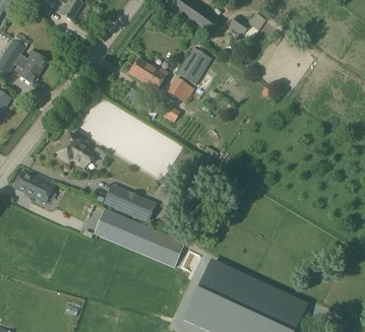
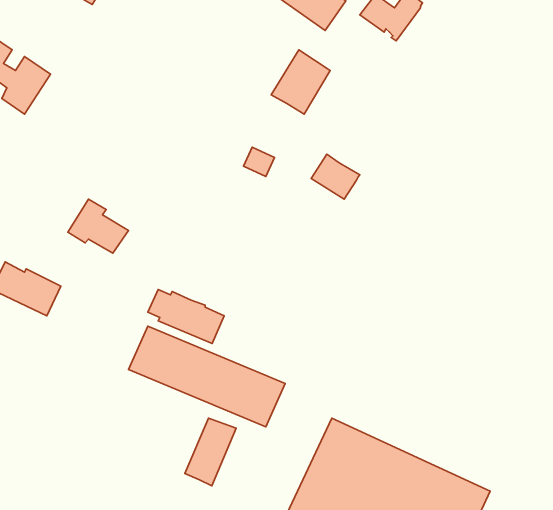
building: [129,59,167,89] -> none
building: [167,77,195,104] -> [311,154,360,199]
building: none -> [185,418,236,486]

